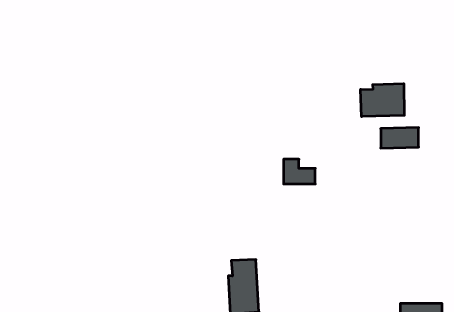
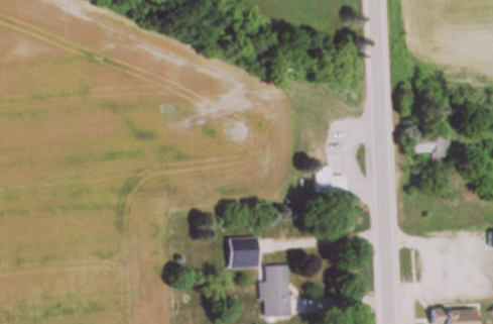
building: [361,84,404,117] -> none
building: none -> [229,239,259,263]

